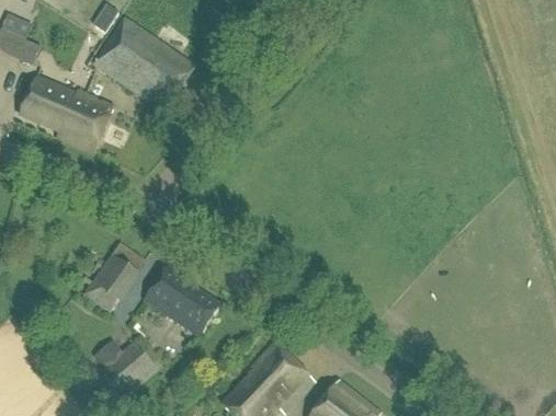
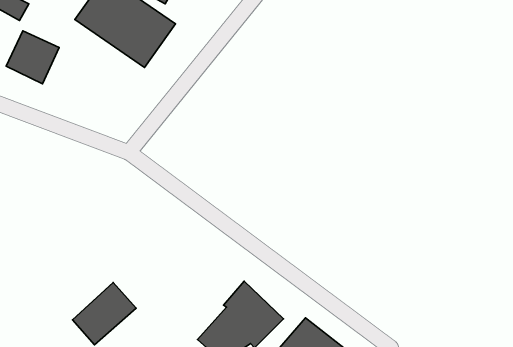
building: [56,90,113,152] -> none
building: [84,255,138,312] -> none
building: [146,263,220,334] -> none

